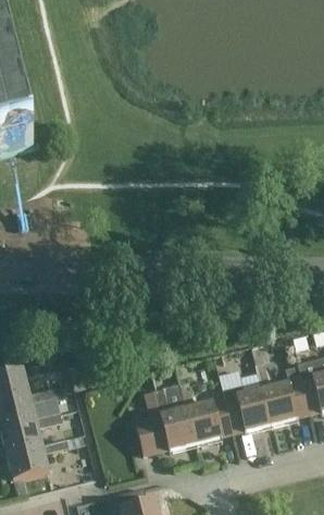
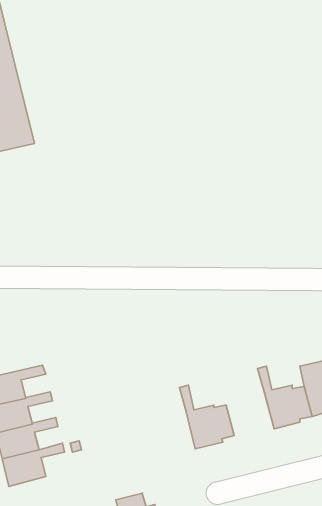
building: [133,383,192,454] -> none
building: [219,384,270,431] -> none

